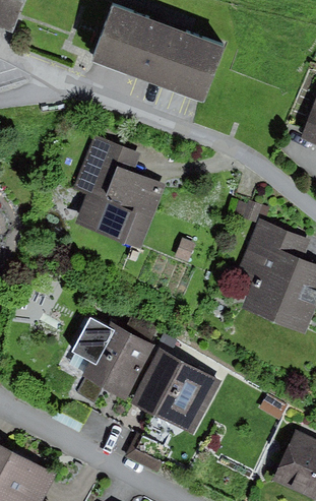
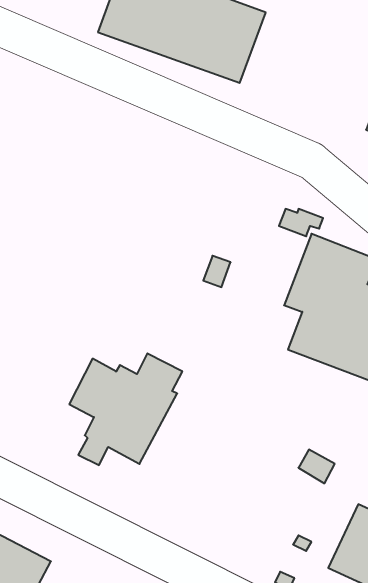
building: [72,133,164,248] -> none
building: [132,349,222,434] -> none

